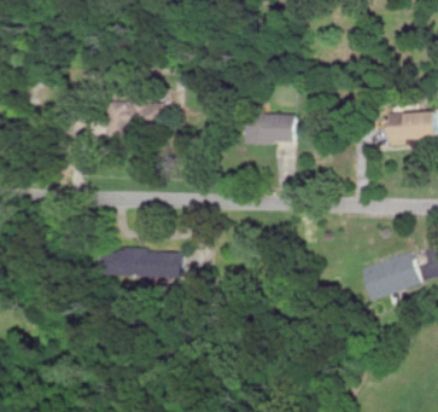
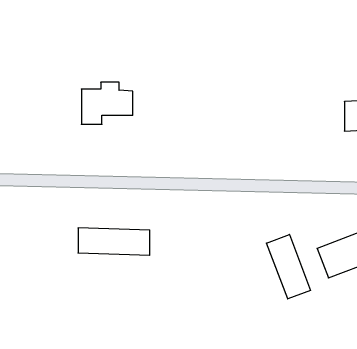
building: [246,112,294,141] -> none
building: none -> [266,234,311,299]

